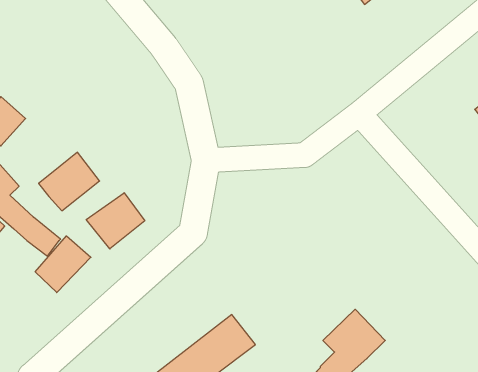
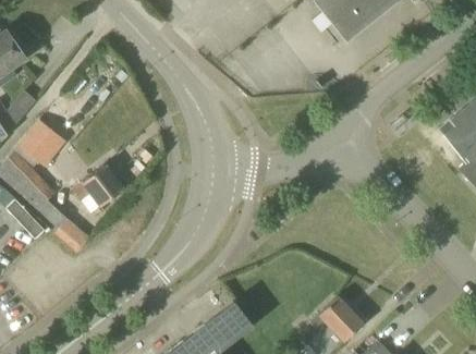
building: [86,193,145,249] -> none
building: [35,236,91,293] -> none

